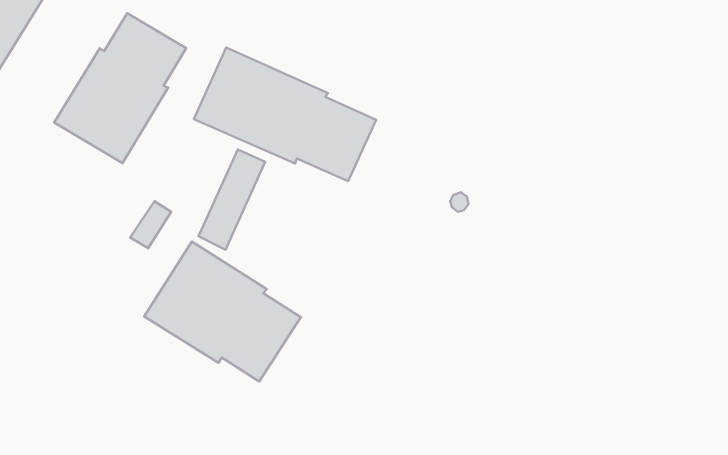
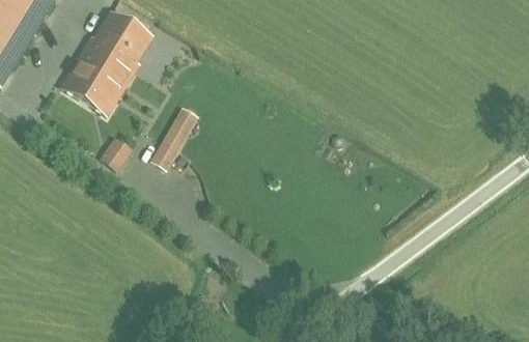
building: [194,48,376,181] -> none
building: [144,242,301,381] -> none

